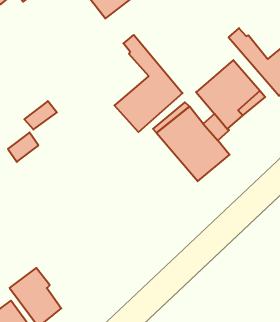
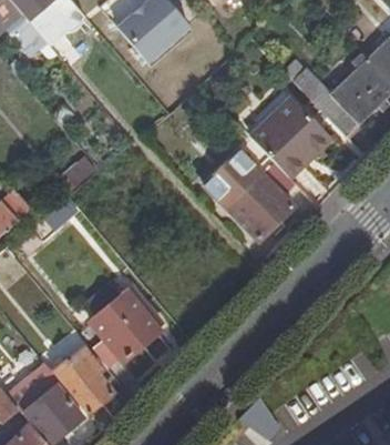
building: [114,35,183,132] -> none
building: none -> [91,292,161,362]

